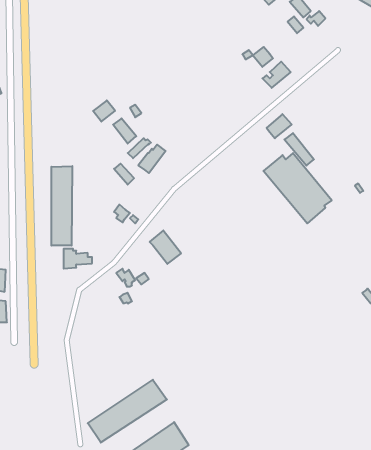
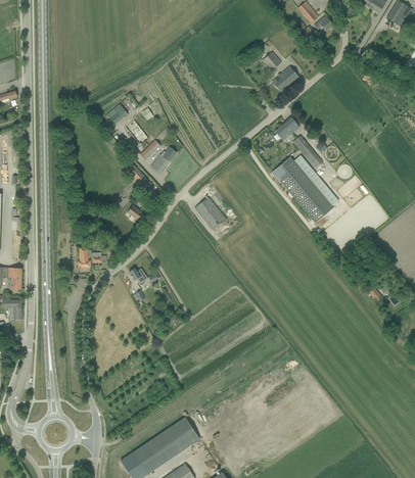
building: [51,166,72,246] -> none
building: [150,230,181,264] -> [195,197,226,230]
building: [88,380,167,443] -> none

